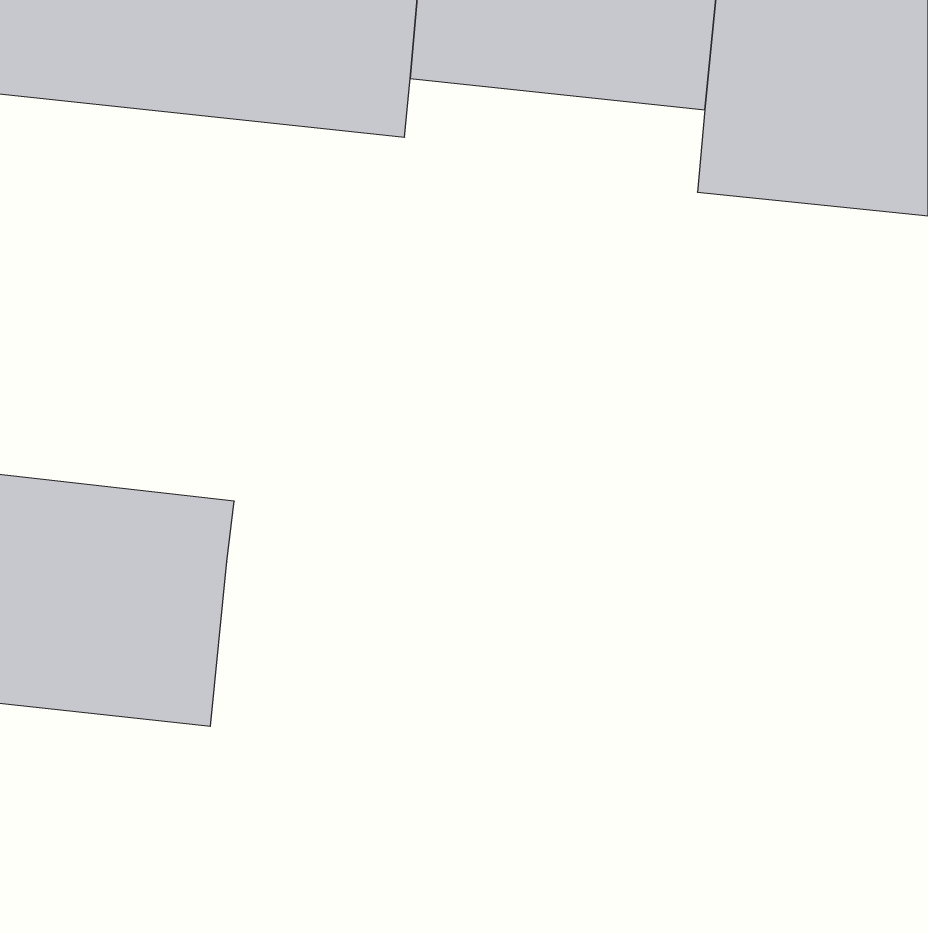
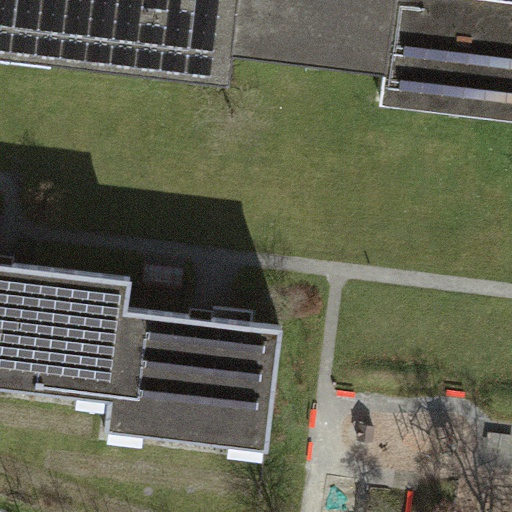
building: none -> [111,307,278,448]

